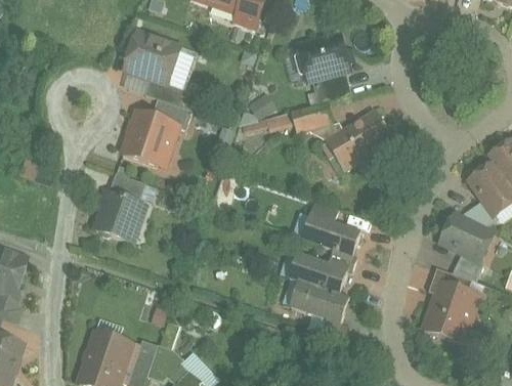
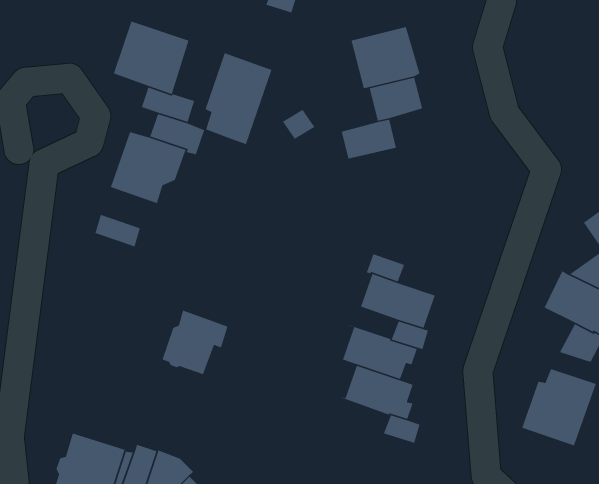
building: none -> [205,52,272,145]
building: [323,109,394,169] -> none
building: [96,191,145,240] -> [161,309,229,375]
building: [429,266,471,294] -> none

